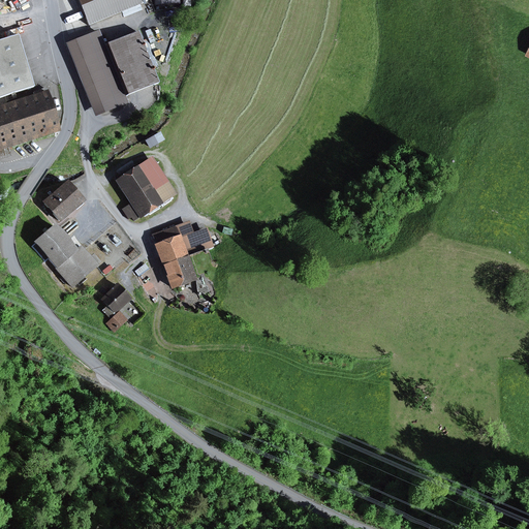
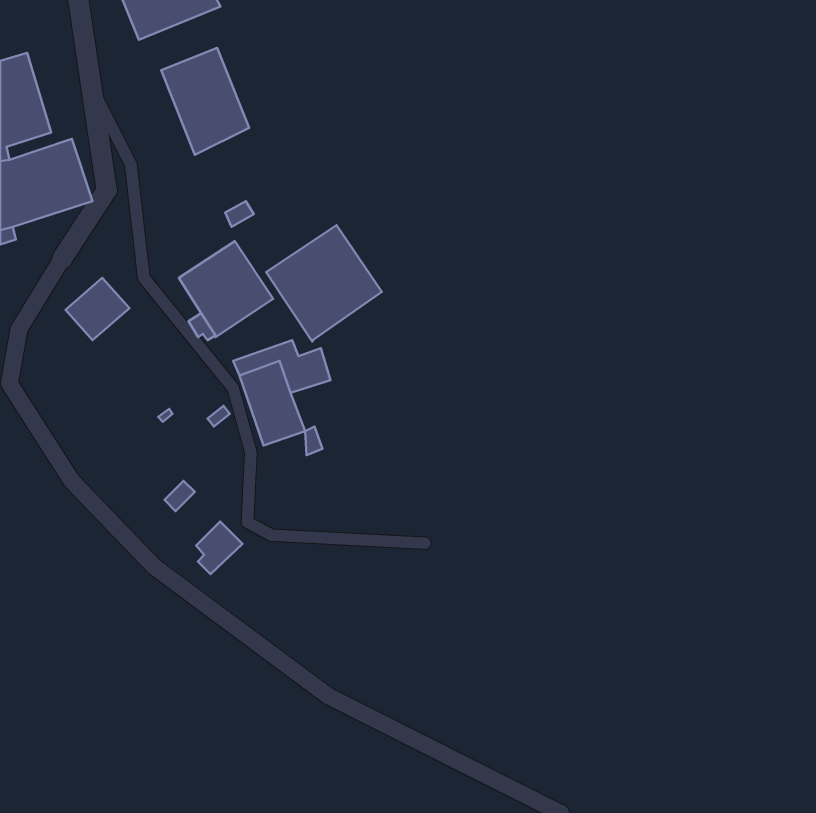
building: [68,32,126,113] -> none
building: none -> [266,225,382,341]
building: [31,222,98,288] -> none
building: [100,283,130,317] -> [196,521,243,574]

